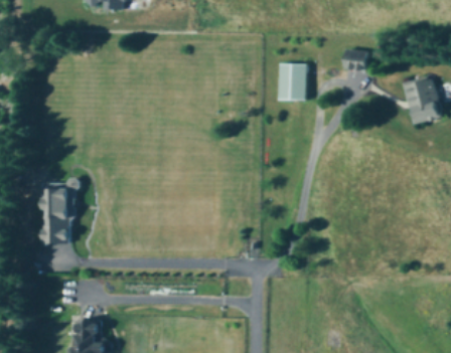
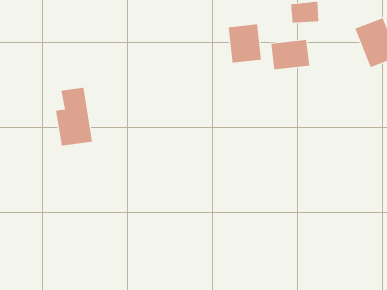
building: none -> [271,39,310,70]
building: [40,188,73,243] -> [55,87,93,146]

